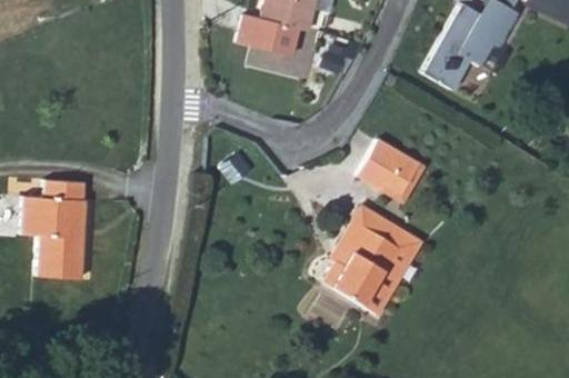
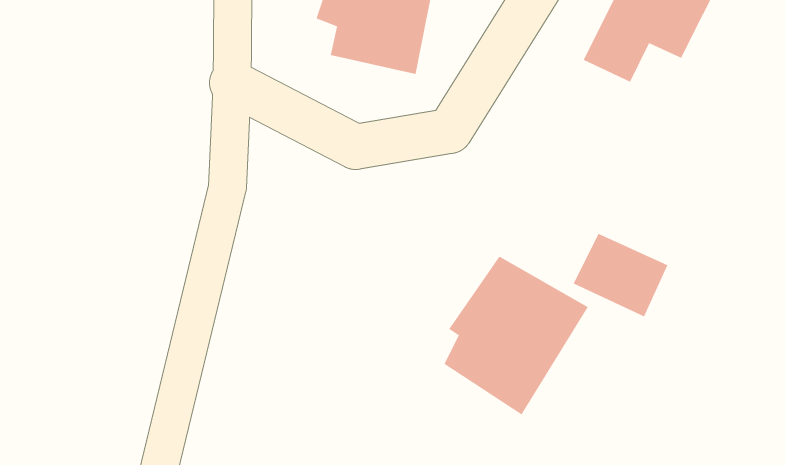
building: [358,141,425,200] -> [573,233,669,318]
building: [21,179,81,279] -> none

